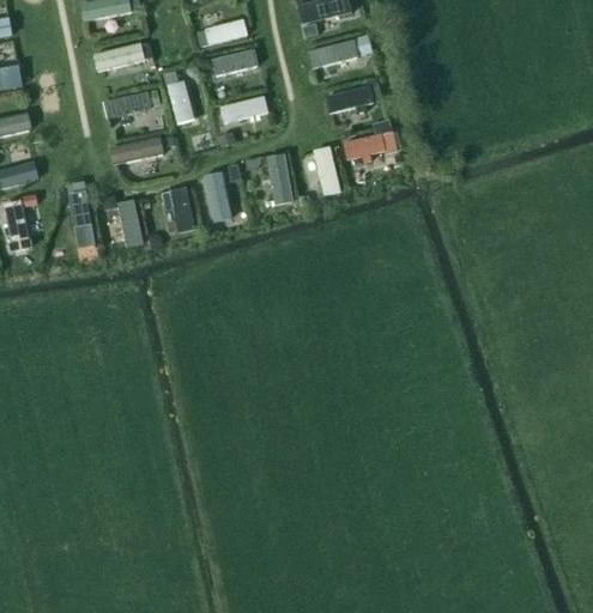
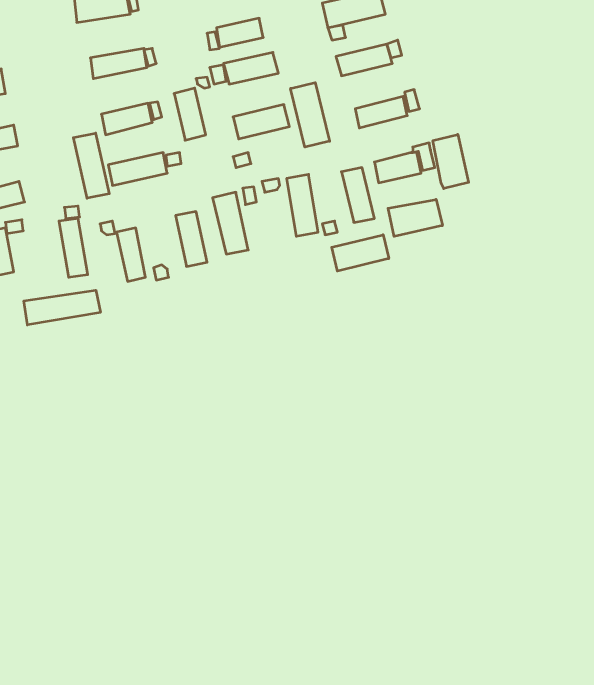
building: none -> [291,83,330,147]
building: none -> [73,133,109,198]
building: none -> [433,134,469,189]
building: none -> [388,199,442,236]
building: none -> [332,235,389,271]
building: none -> [24,290,100,325]

